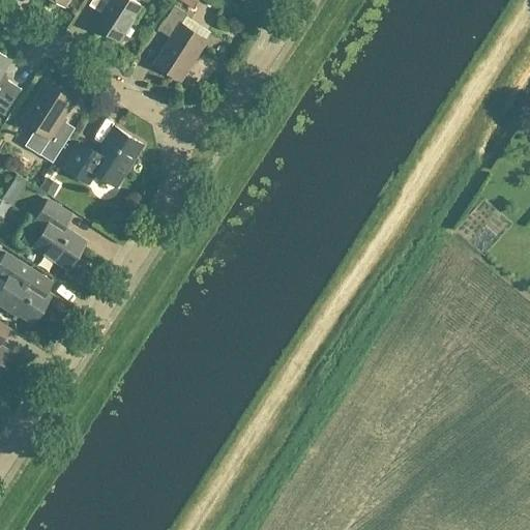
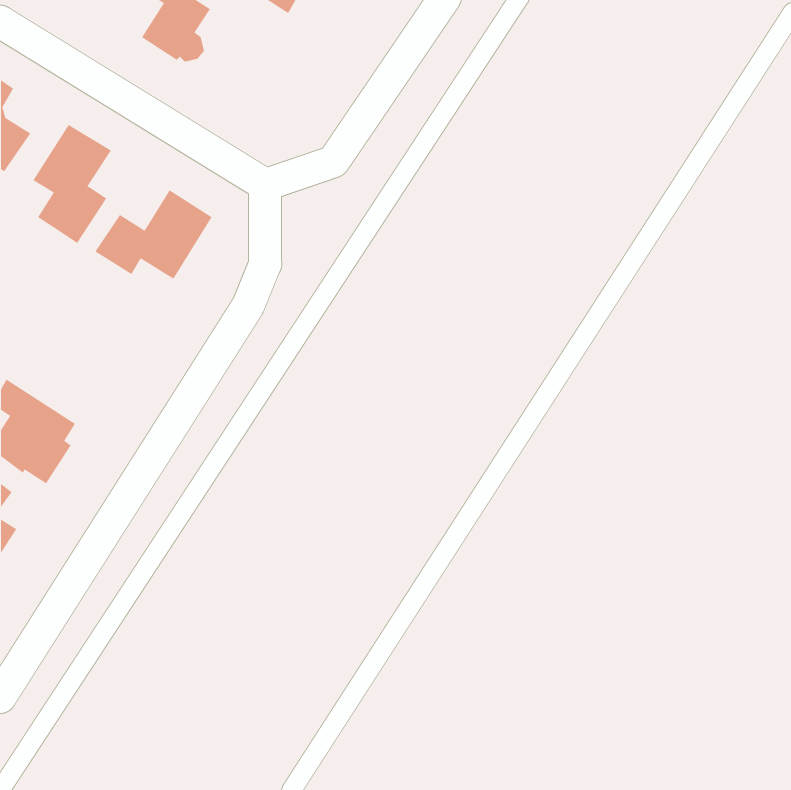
building: [155,5,207,81] -> none
building: [23,200,85,267] -> none

